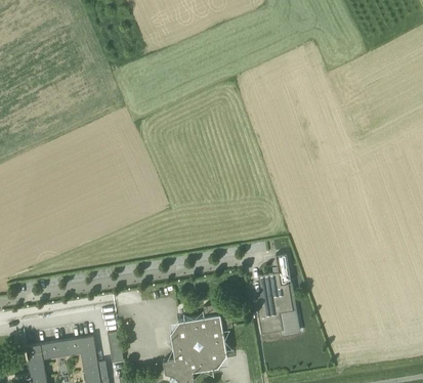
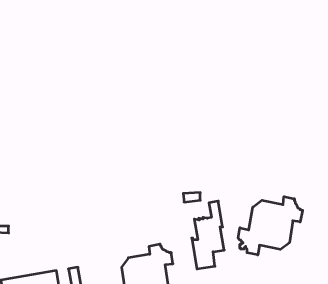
building: none -> [238,197,303,255]

